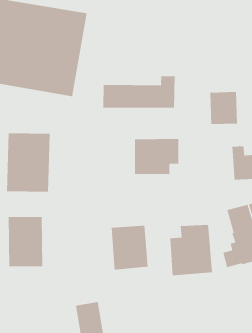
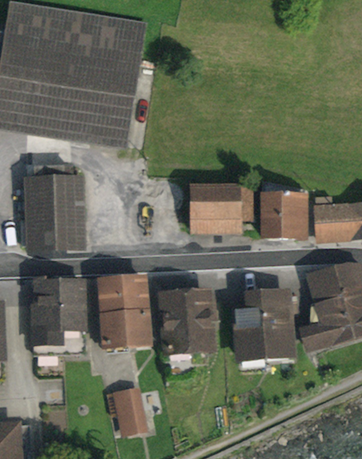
building: [103,75,175,109] -> none
building: [210,92,238,125] -> [265,194,300,235]
building: none -> [103,279,145,344]

